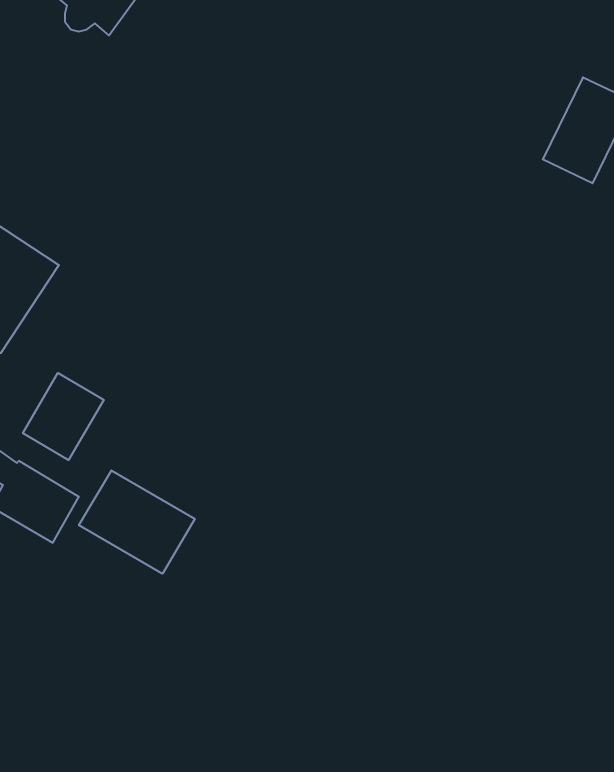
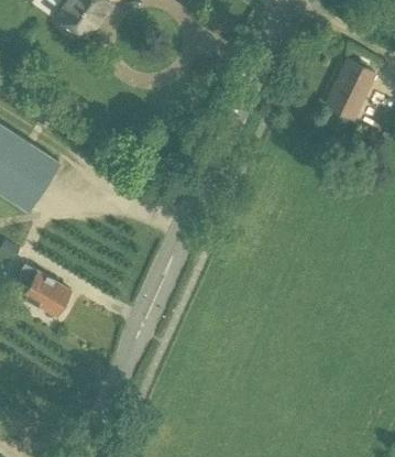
building: [23,373,104,460] -> none
building: [79,470,195,574] -> none

